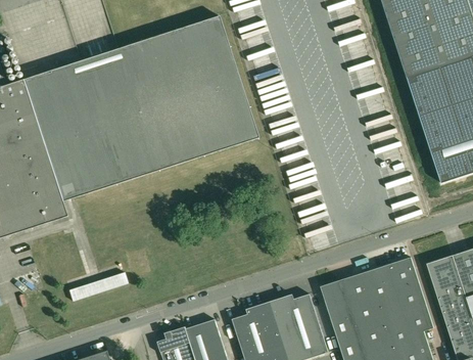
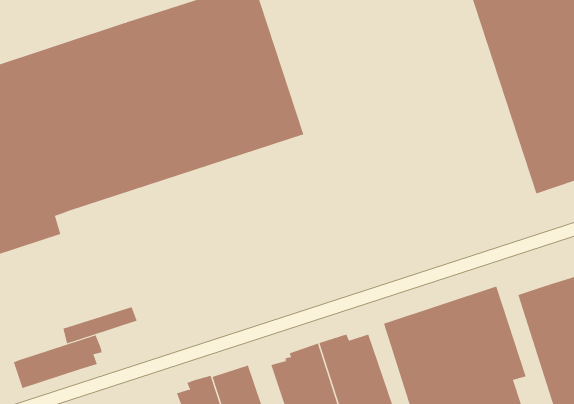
building: none -> [13,334,102,389]

